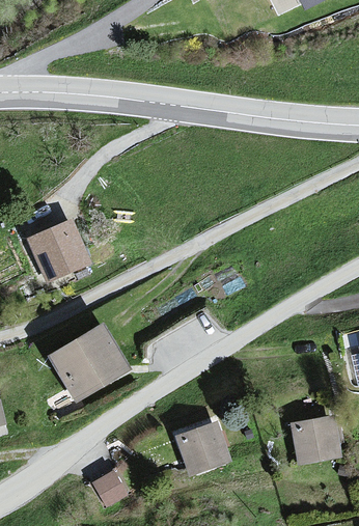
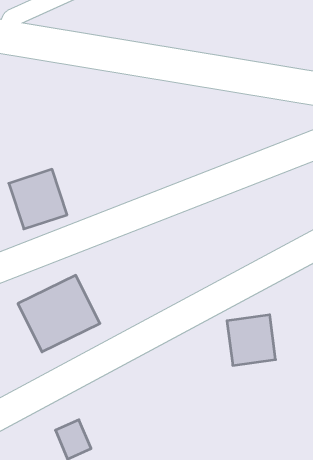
building: [291,413,342,467] -> [227,315,276,365]
building: [174,419,232,477] -> none

